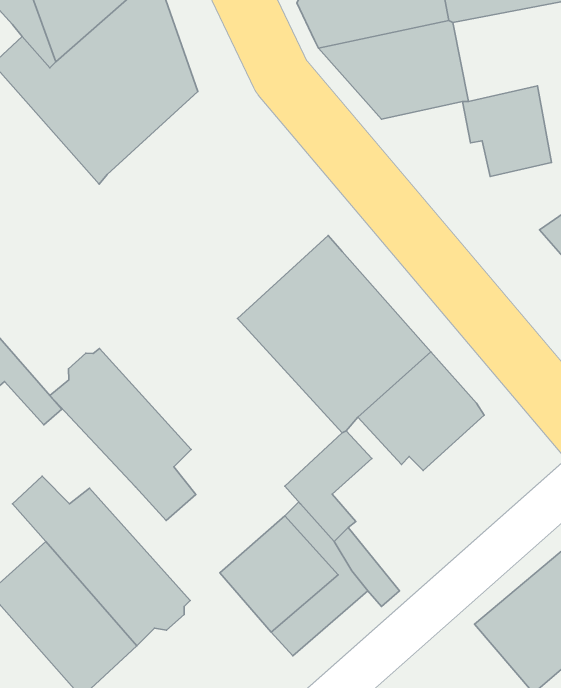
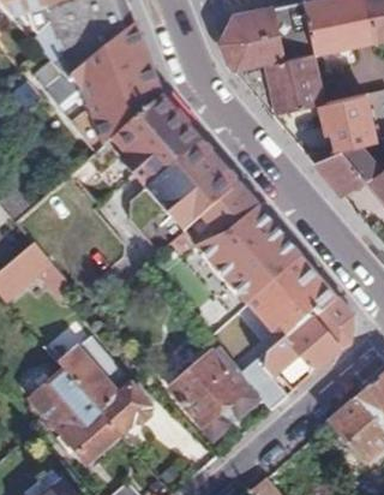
building: none -> [104,96,239,234]
building: none -> [317,150,367,197]
building: [50,348,196,521] -> none
building: none -> [265,293,353,389]

